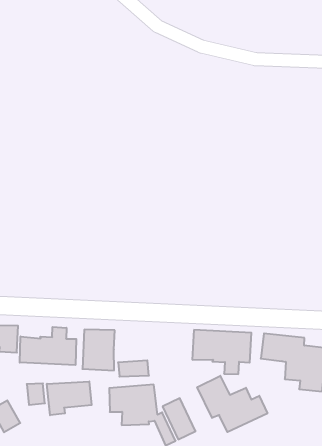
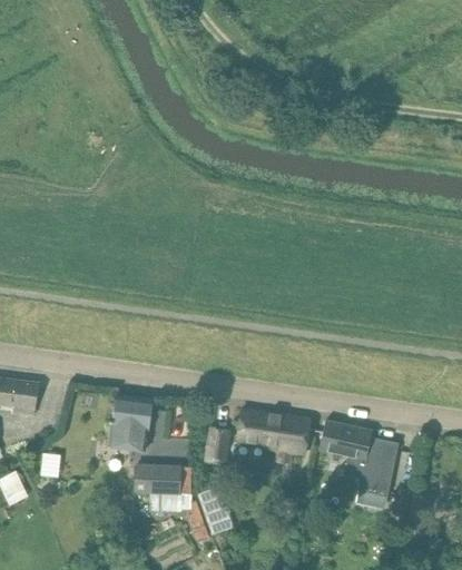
building: [20,327,76,365] -> none
building: none -> [204,426,232,466]
building: [197,376,267,432] -> none
building: [47,381,92,415] -> none

